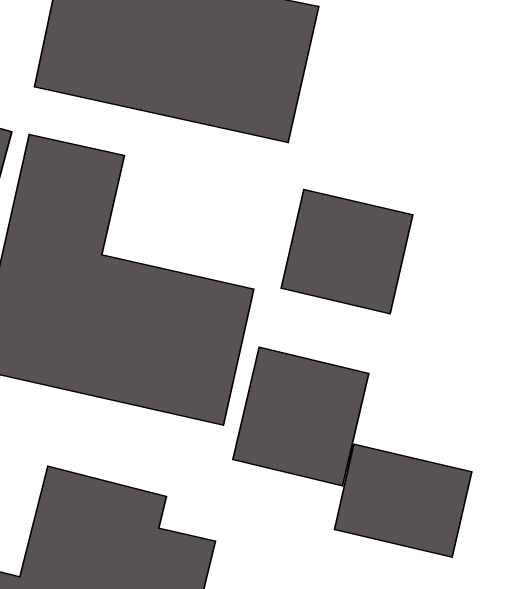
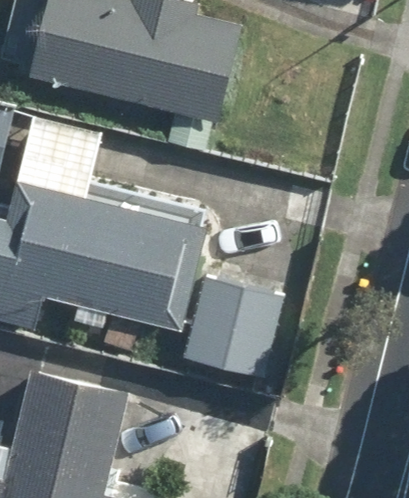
building: [281,189,413,314] -> none
building: [335,444,472,557] -> none

